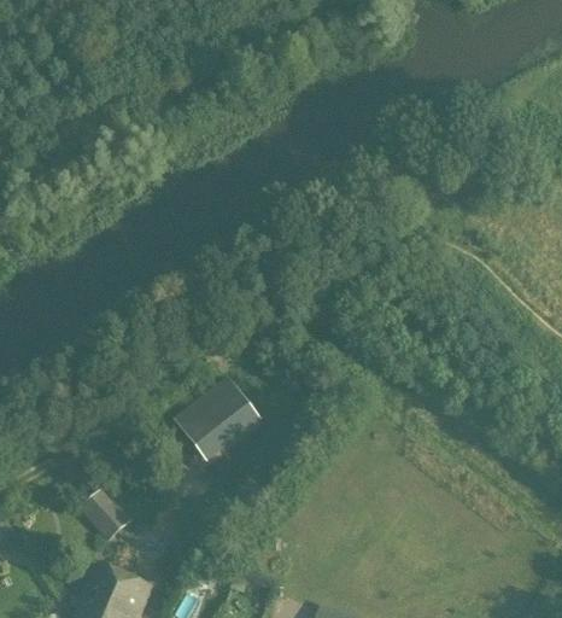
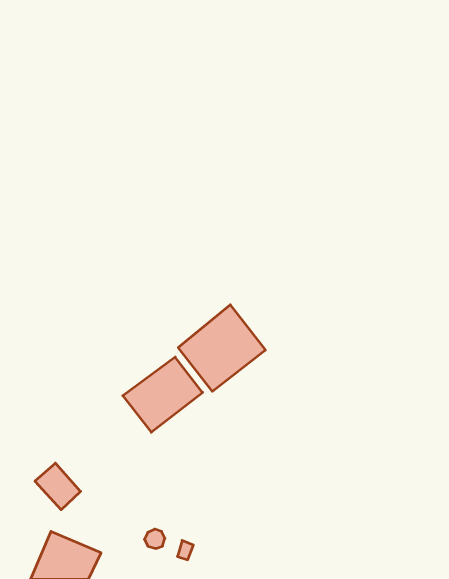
building: none -> [178,305,265,391]

